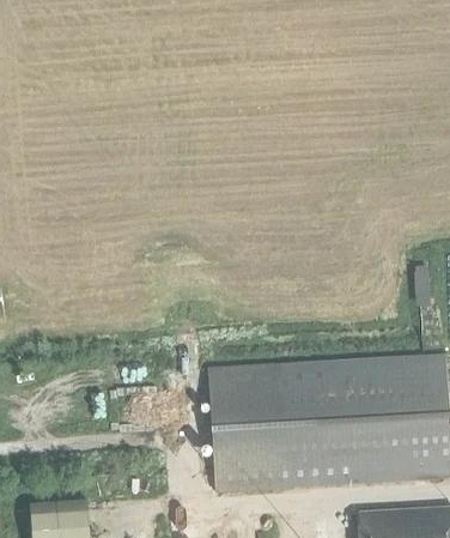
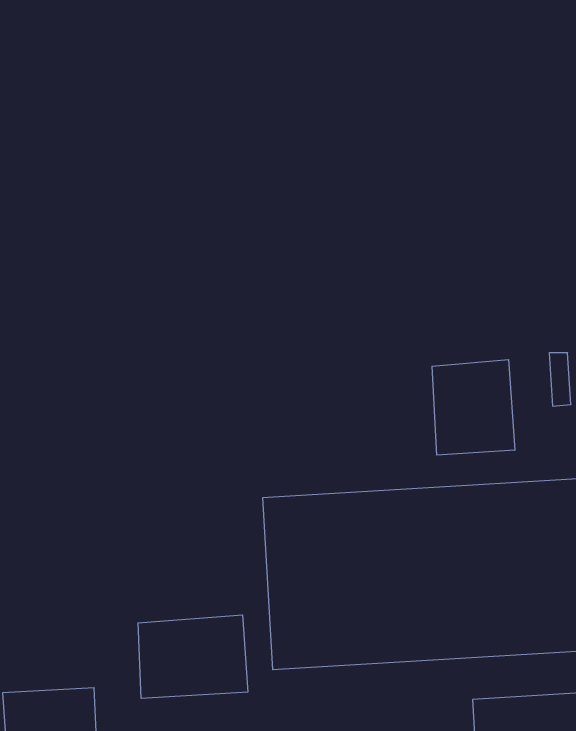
building: none -> [432,360,515,455]
building: none -> [138,615,248,698]

